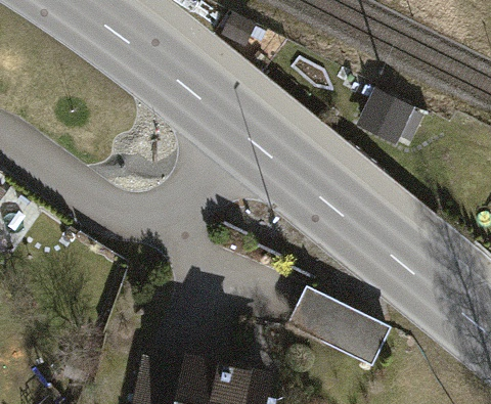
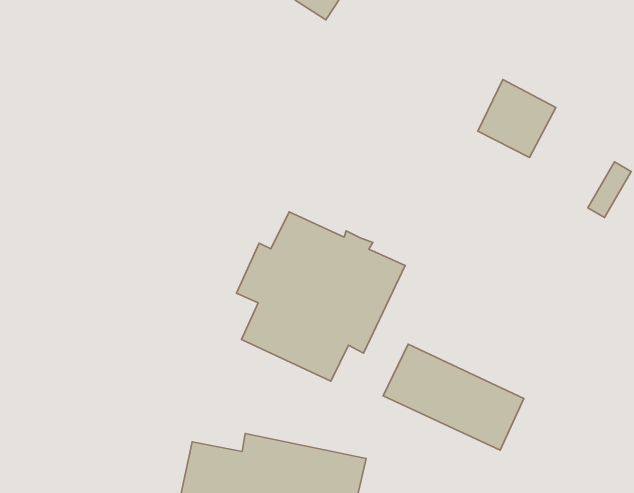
building: none -> [237,212,405,381]

